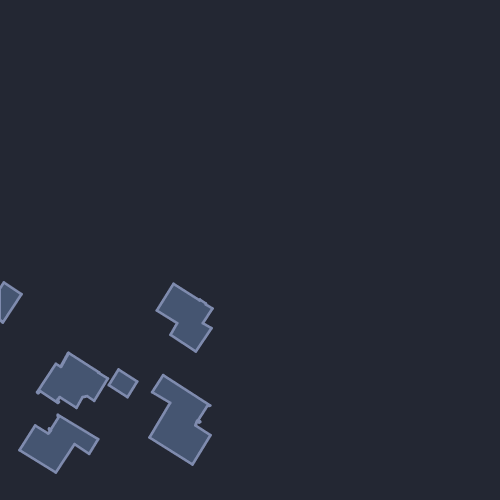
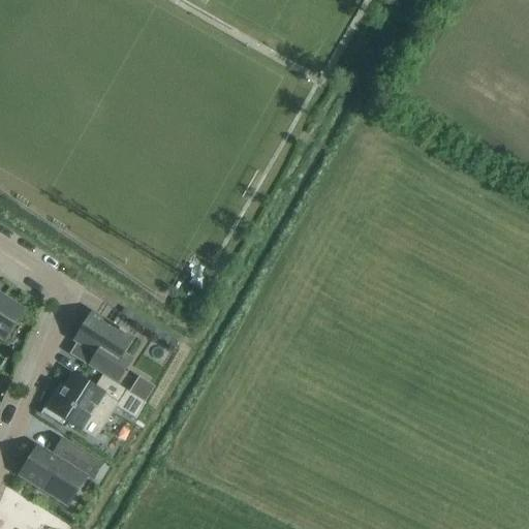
building: [157,284,213,352] -> [73,312,132,383]
building: [149,375,210,465] -> none

